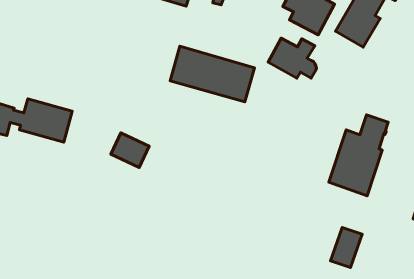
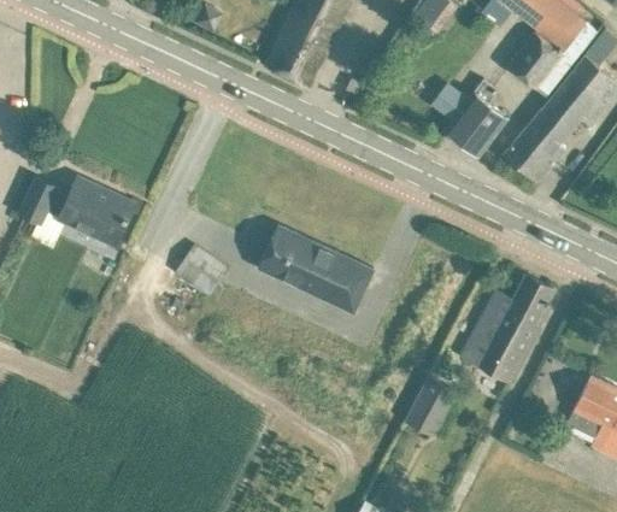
building: [268,38,317,78] -> none
building: [170,46,254,102] -> [258,223,374,312]
building: [330,228,362,267] -> [407,377,456,432]

